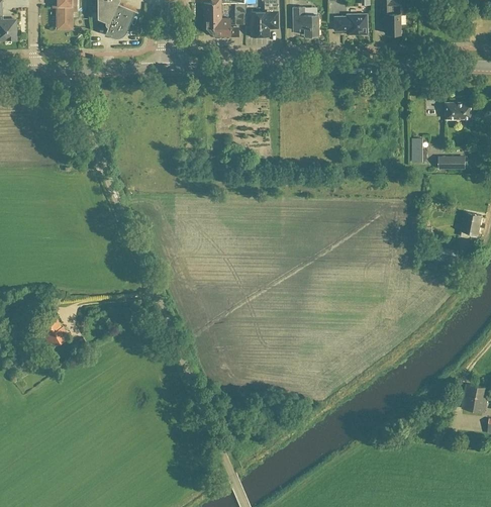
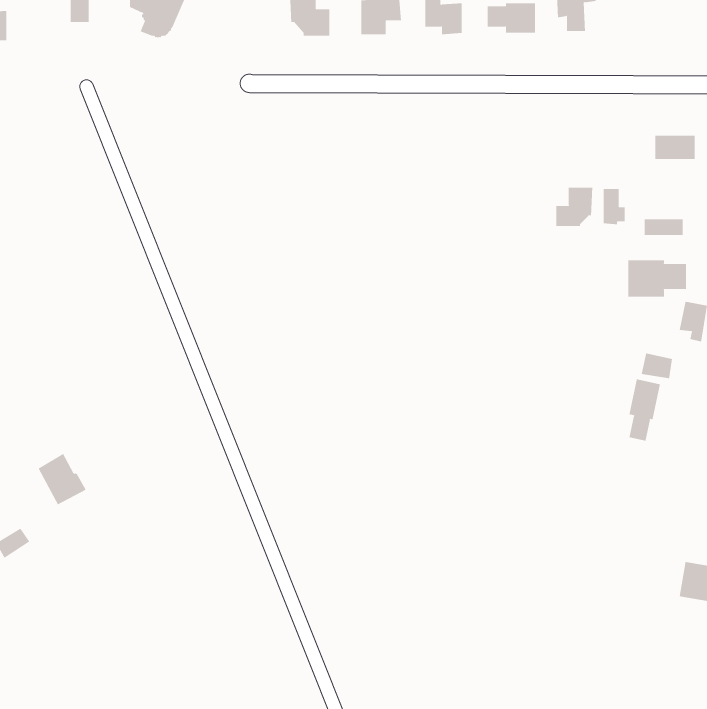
building: none -> [556,187,593,227]
building: none -> [628,259,686,297]
building: none -> [629,379,661,441]

